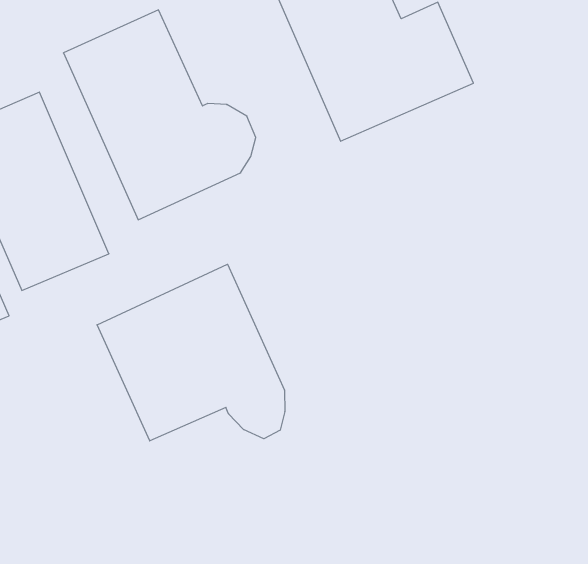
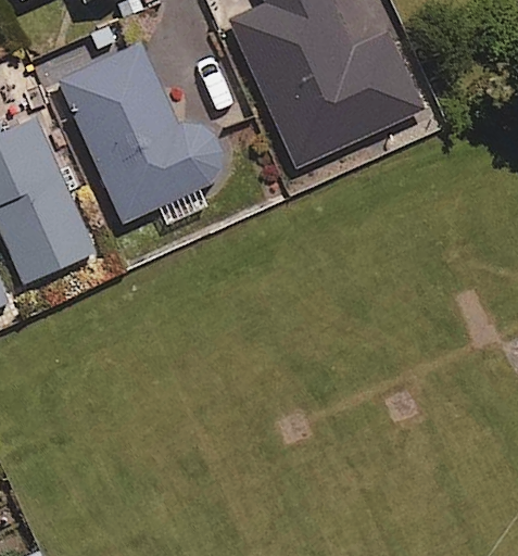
building: [97,264,285,441] -> none

